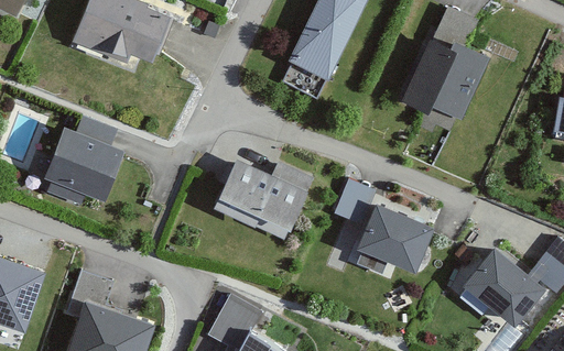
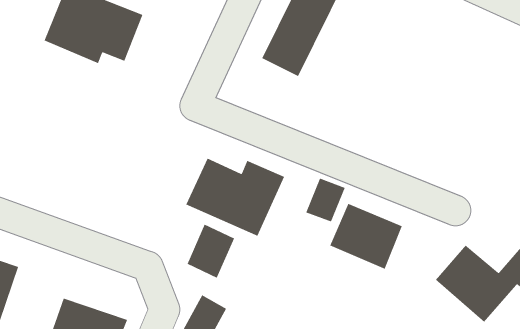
building: [400,8,488,133] -> none
building: [42,118,122,206] -> none
building: none -> [186,223,235,279]

